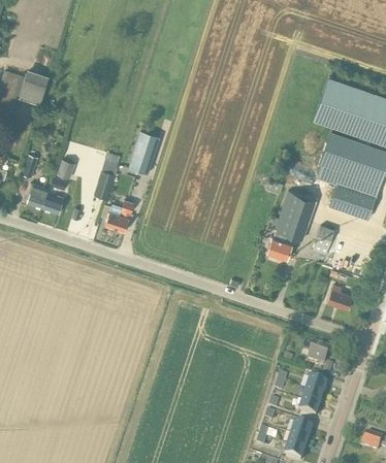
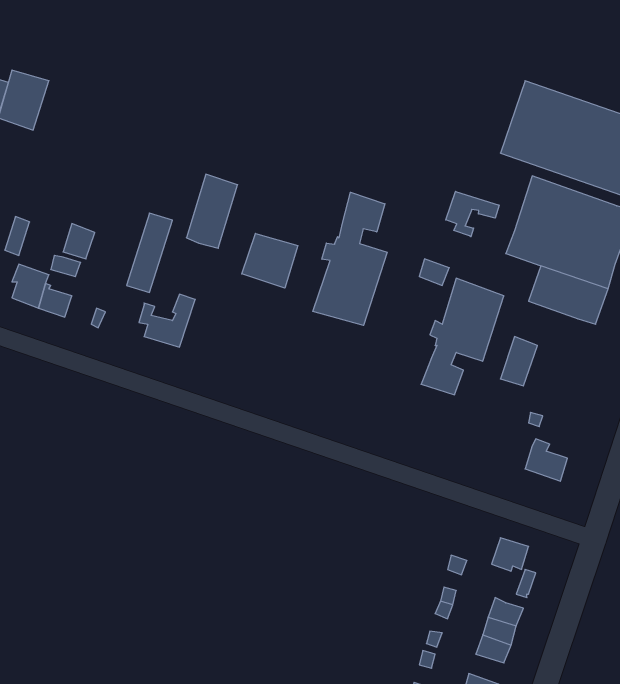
building: none -> [446,191,499,237]
building: none -> [313,192,387,325]
building: none -> [242,233,298,288]

